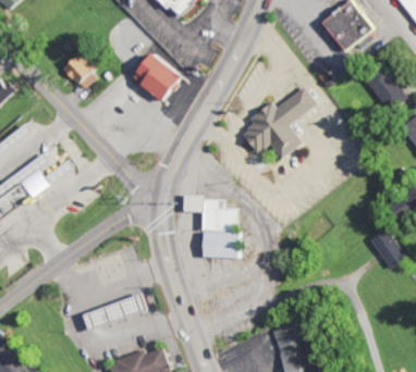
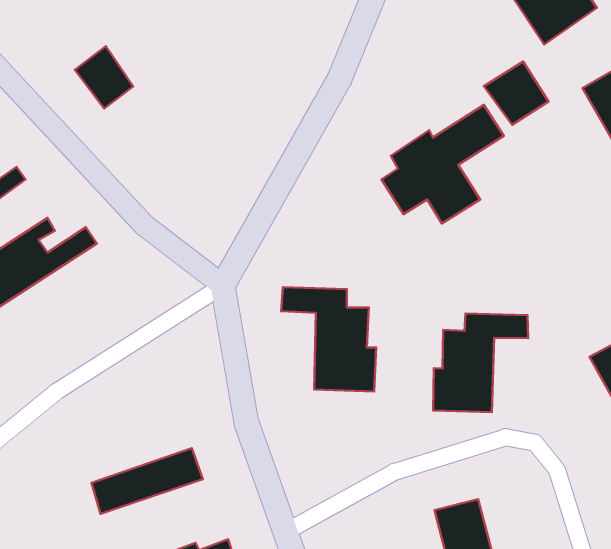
building: [133,53,183,103] -> none
building: none -> [484,61,548,125]
building: none -> [433,313,528,412]

